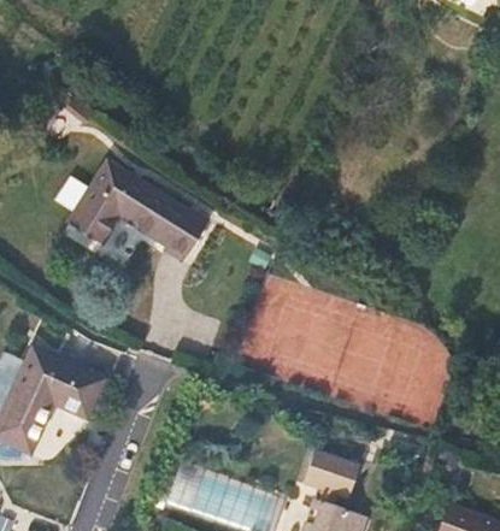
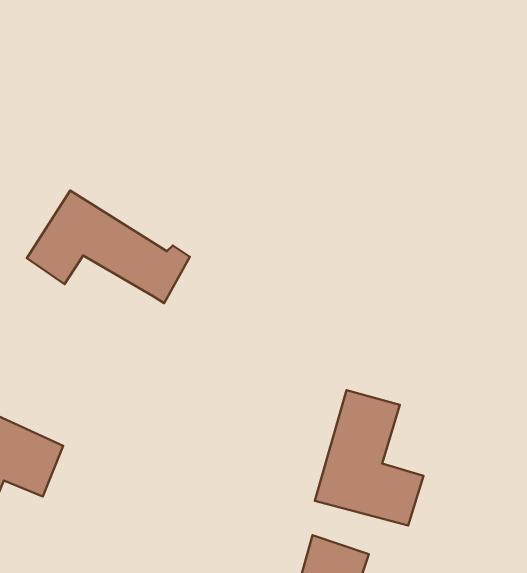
building: none -> [315,390,424,525]

